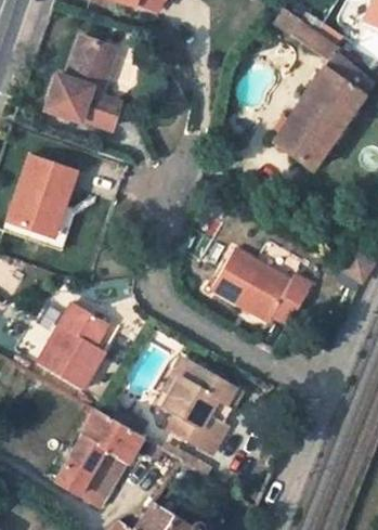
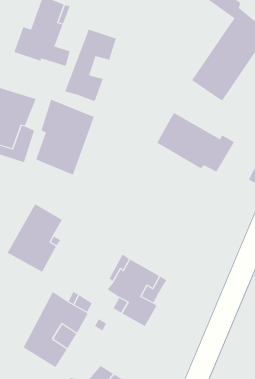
building: none -> [65,29,116,102]
building: none -> [36,99,94,175]
building: [213,245,313,322] -> [156,112,235,173]

